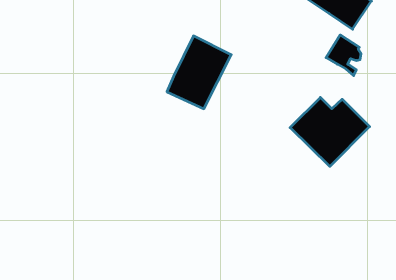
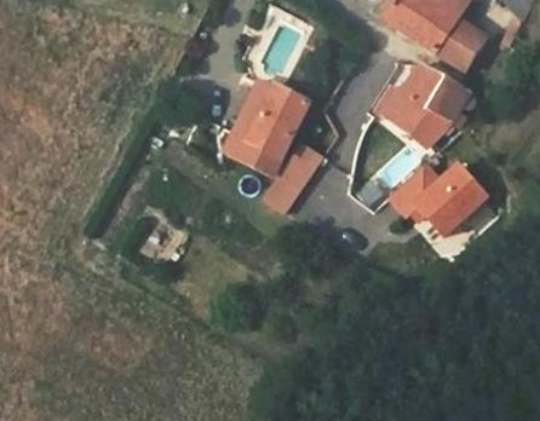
building: none -> [386,64,448,145]
building: none -> [257,139,321,215]

